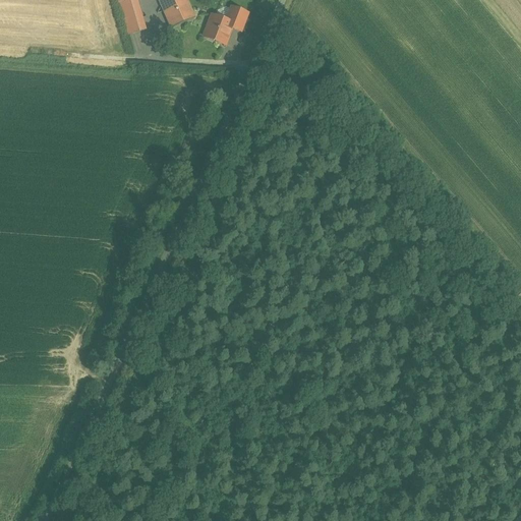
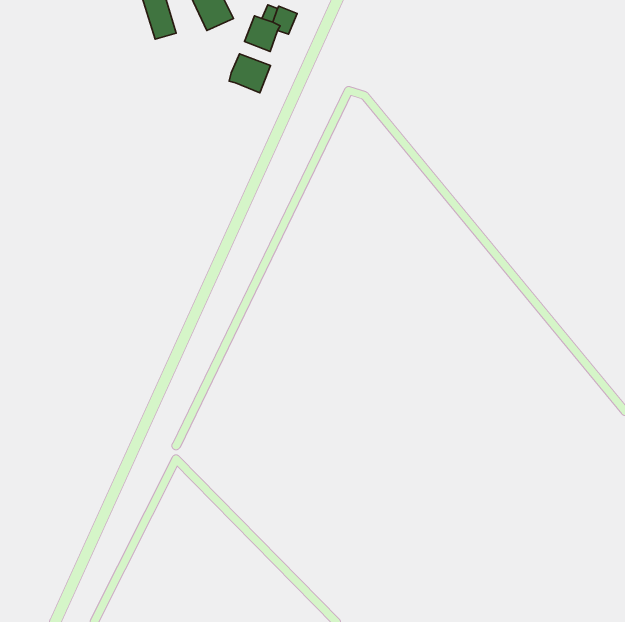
building: none -> [229,54,270,93]

